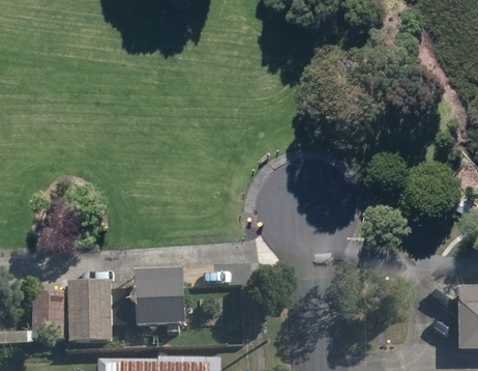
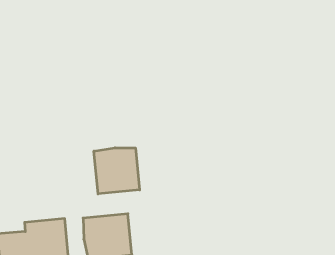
building: none -> [94,148,140,194]

